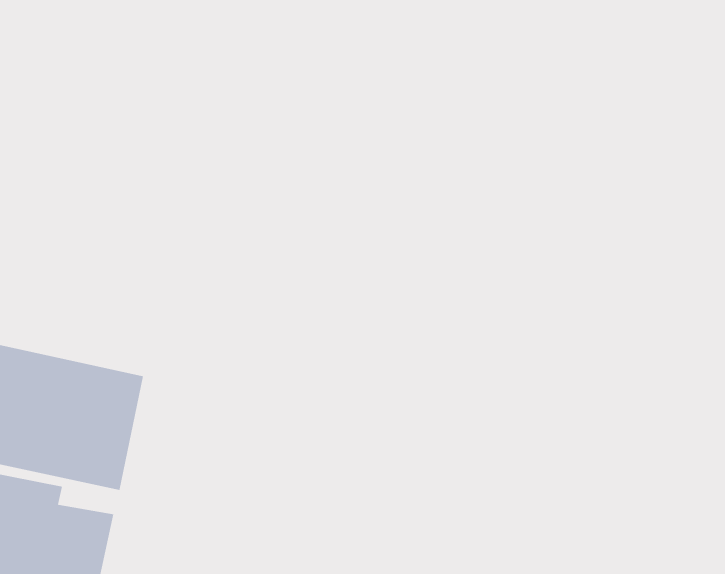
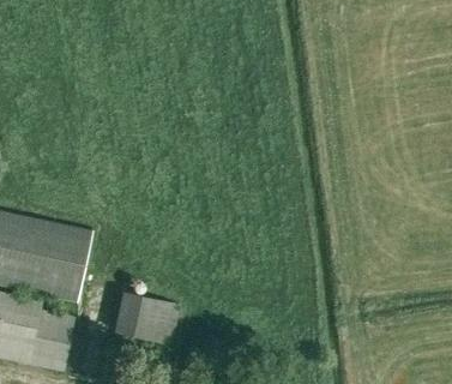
building: none -> [115,292,179,342]

